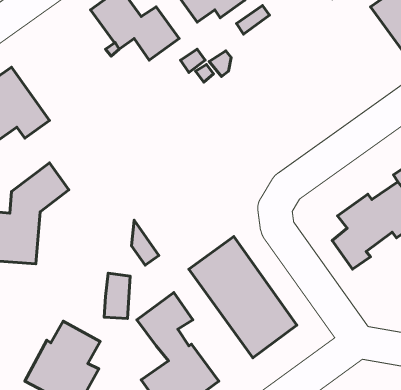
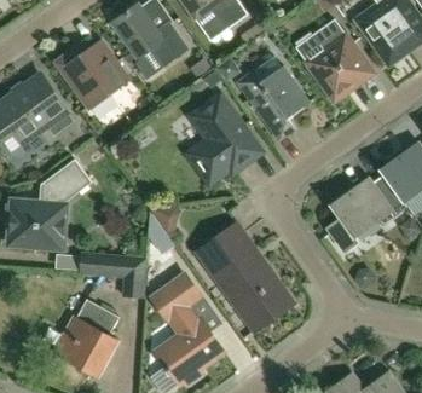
building: none -> [294,19,360,102]
building: none -> [56,40,128,110]
building: none -> [236,56,308,141]
building: none -> [189,93,262,185]
building: none -> [80,253,126,277]

